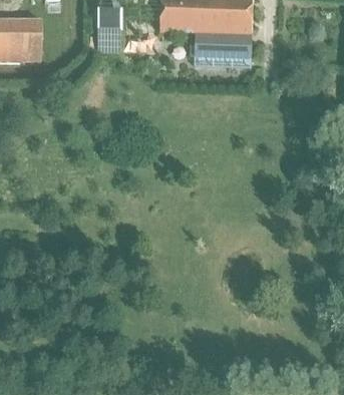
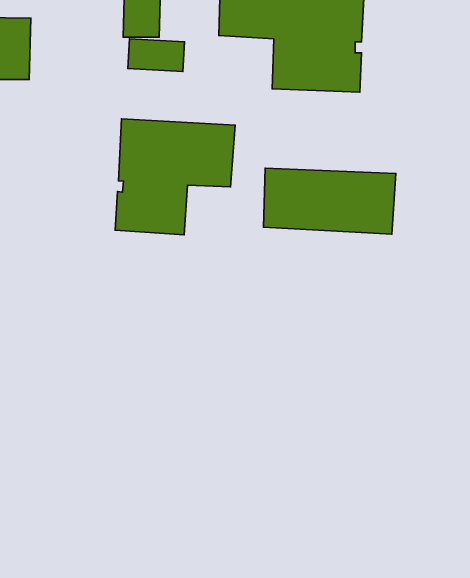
building: none -> [115,119,235,235]
building: none -> [263,168,396,234]

